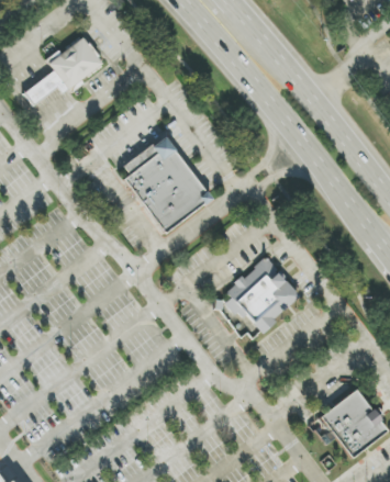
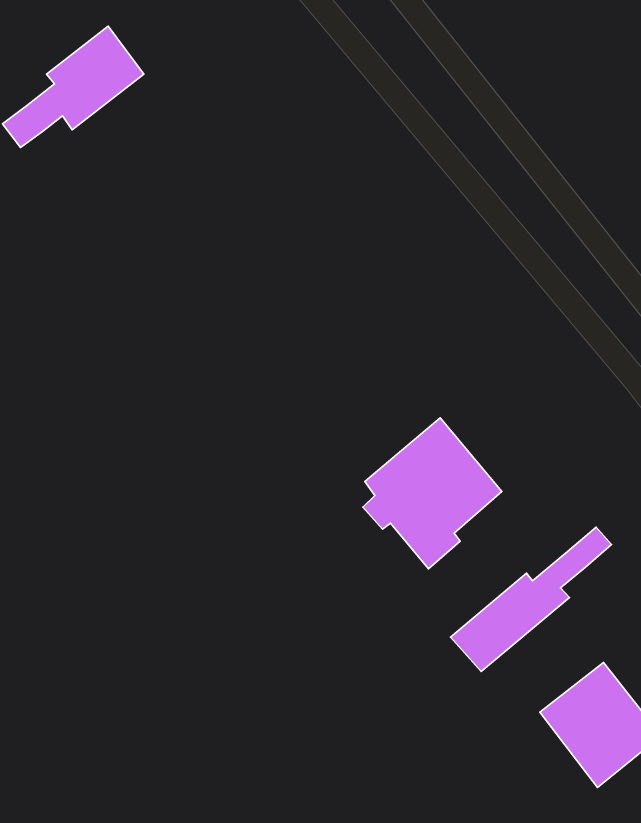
building: [123,135,212,233] -> none
building: none -> [450,527,611,672]

